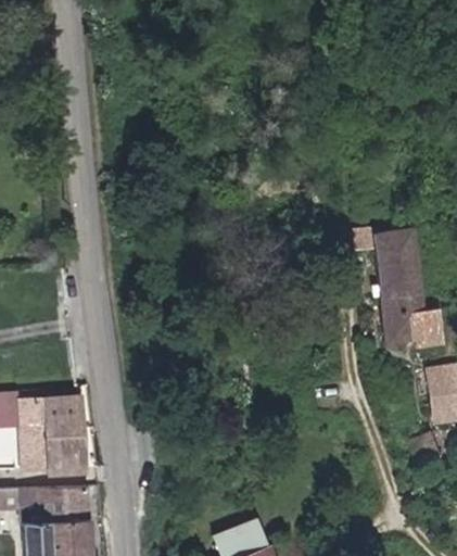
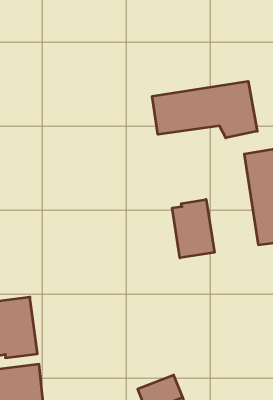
building: none -> [152,81,257,138]
building: none -> [172,199,214,258]

